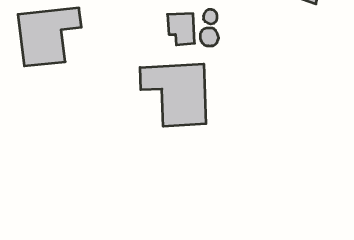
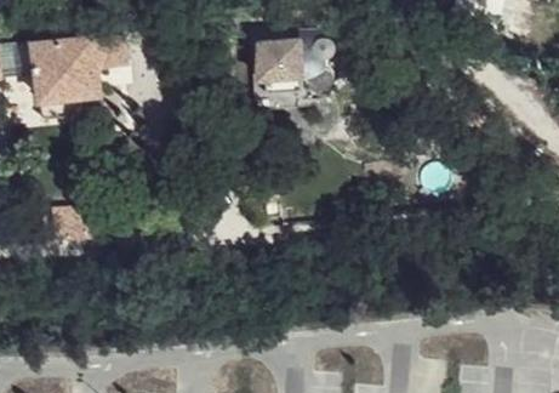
building: [140,64,206,126] -> none

